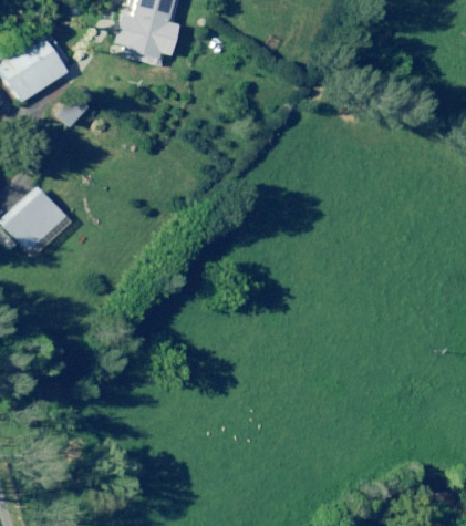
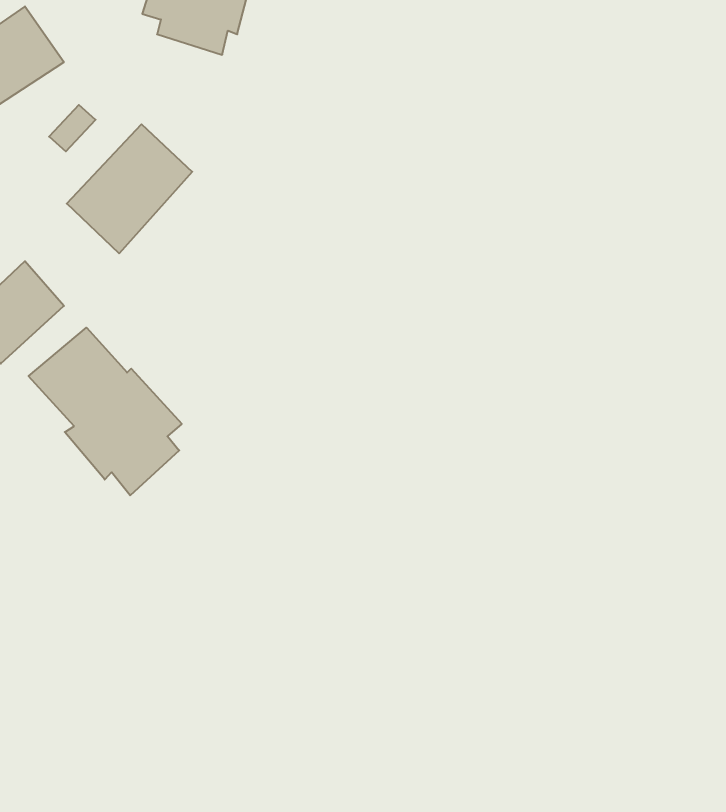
building: none -> [67,124,192,253]
building: none -> [29,328,182,495]

